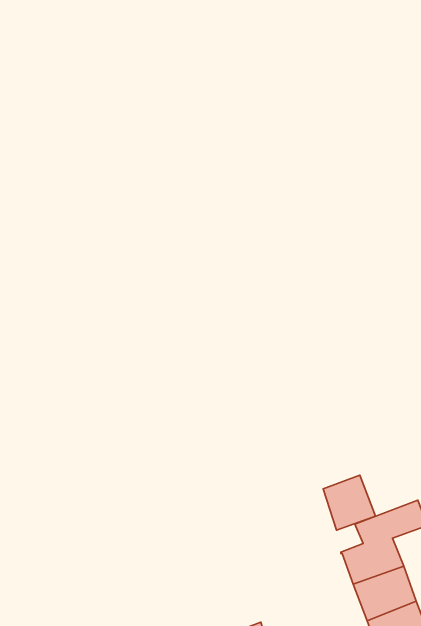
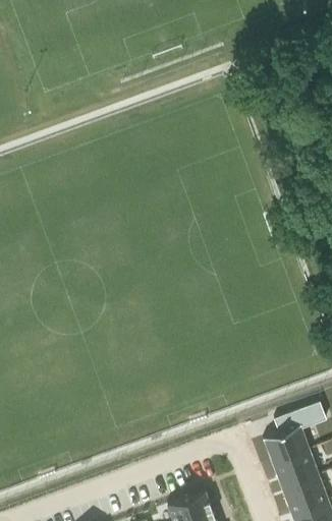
building: [323,475,375,530] -> none

